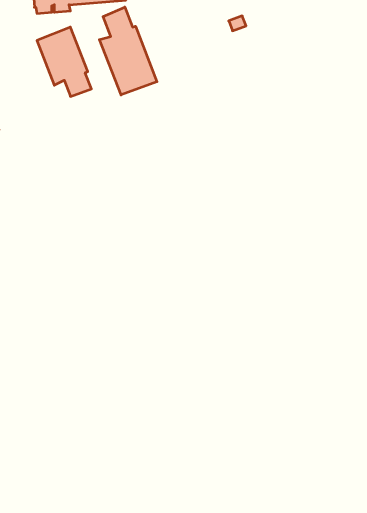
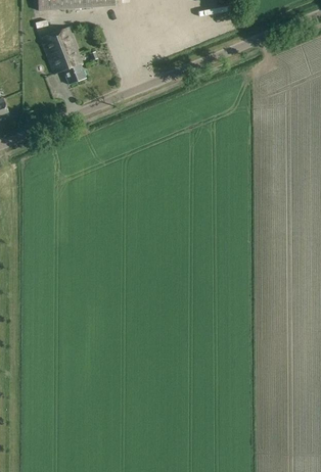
building: [99,7,157,95] -> none

